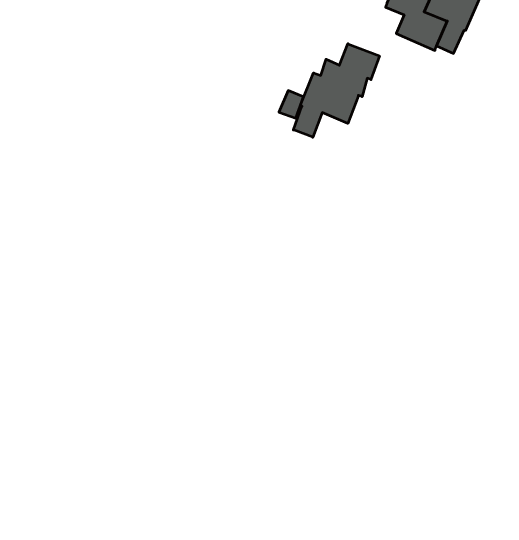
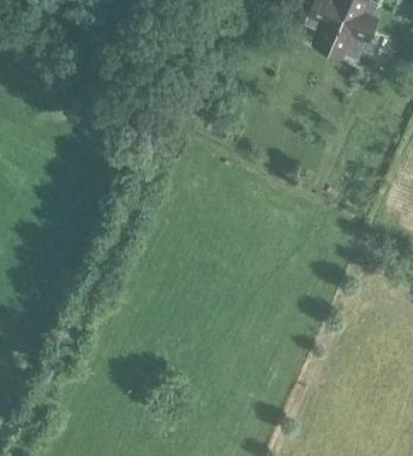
building: [293,44,379,137] -> none

